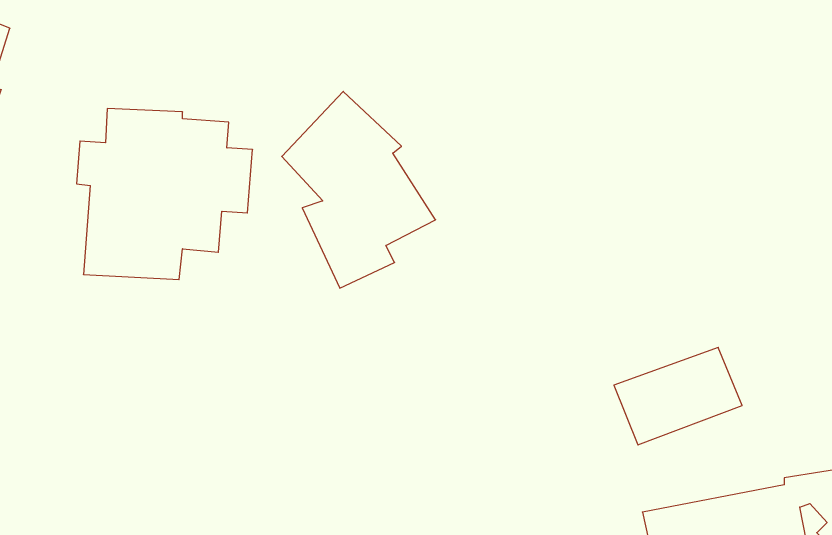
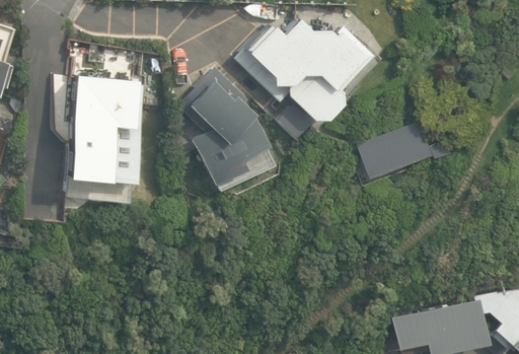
building: none -> [240,22,366,116]
building: [614,347,742,445] -> [360,122,436,180]

